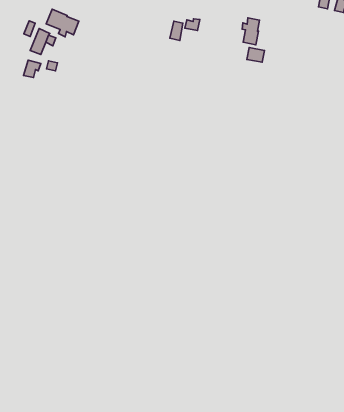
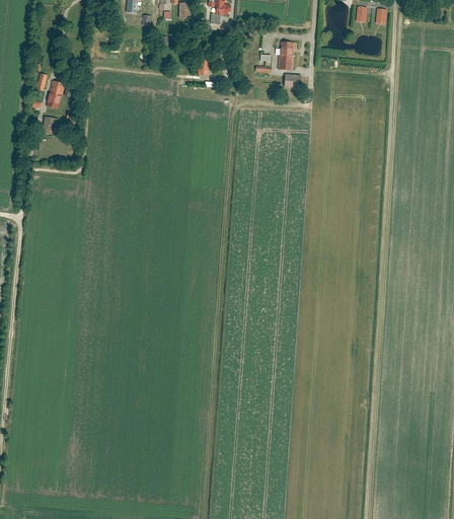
building: [46,9,79,37] -> none

